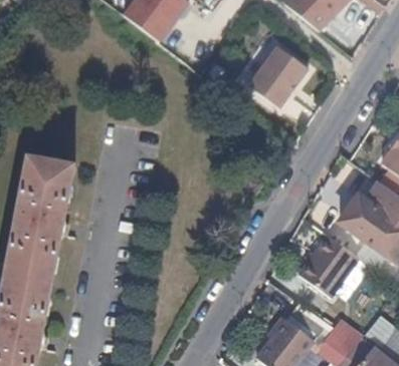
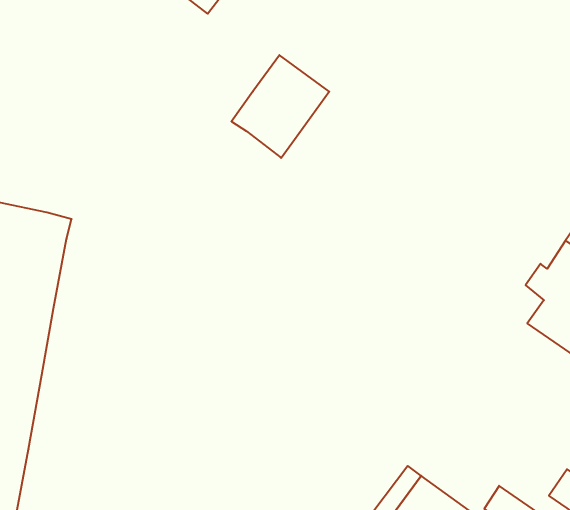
building: [248,43,308,105] -> [231,55,329,158]
building: [301,236,360,297] -> none

